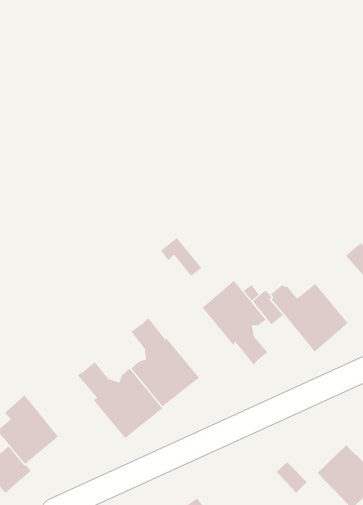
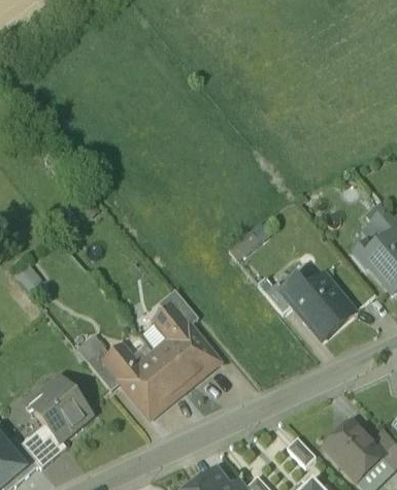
building: [160,237,202,277] -> [159,290,197,326]
building: [202,280,268,366] -> none
building: none -> [87,347,124,389]

